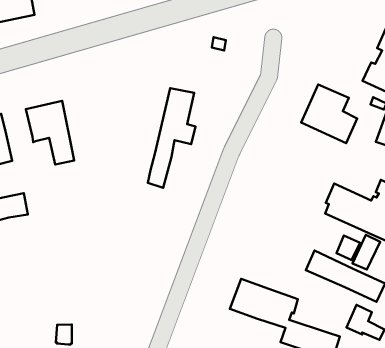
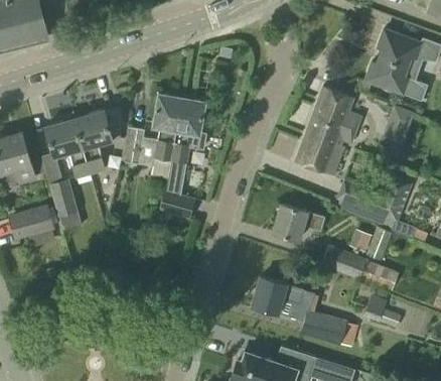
building: none -> [121,94,181,178]
building: none -> [79,107,122,172]
building: none -> [294,123,352,175]
building: none -> [40,152,81,230]
building: none -> [158,188,195,219]
building: none -> [273,204,323,240]

